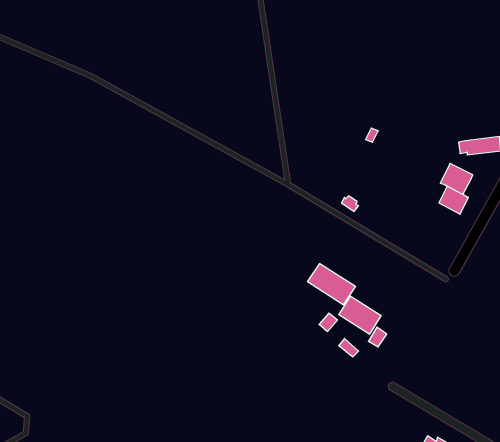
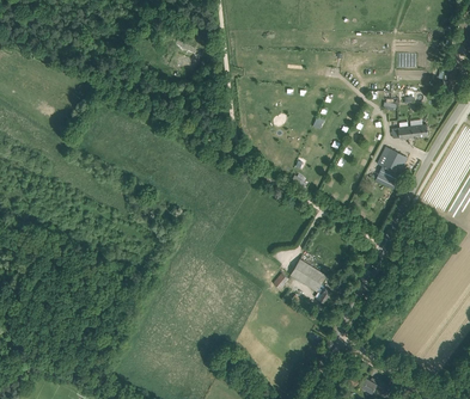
building: [308,264,355,305] -> none

